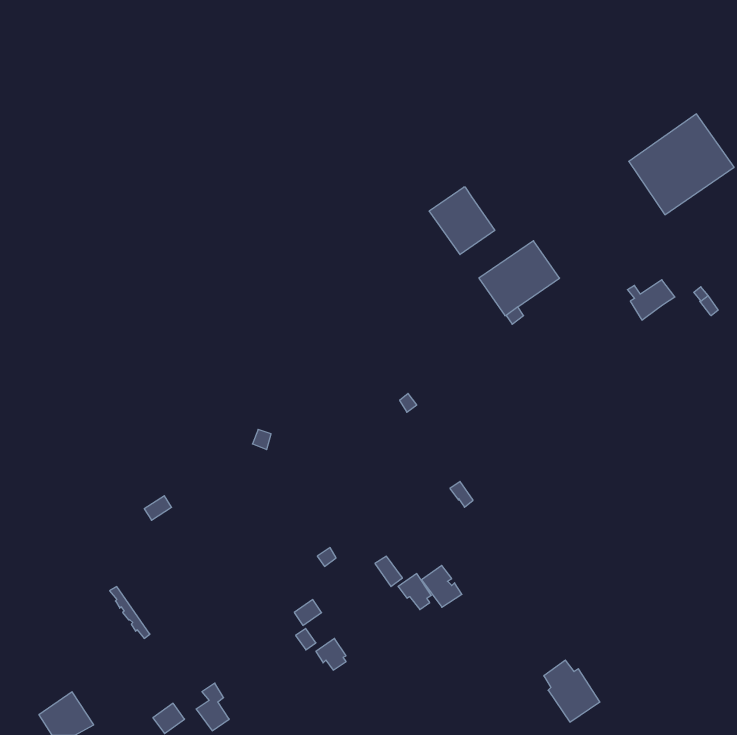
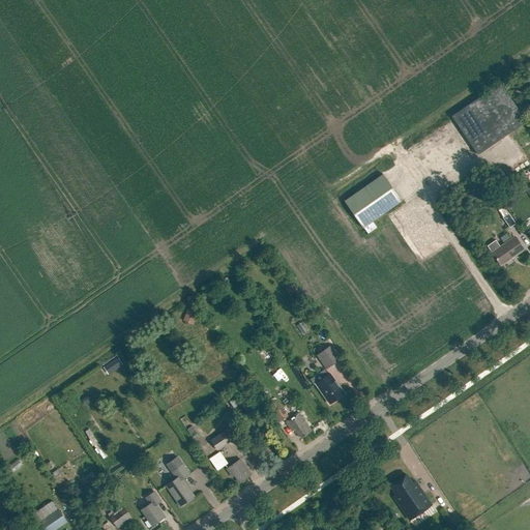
building: [429,187,495,255] -> none
building: [627,280,675,320] -> [490,236,524,265]
building: [421,565,462,607] -> [315,373,344,403]
building: none -> [166,457,194,505]

